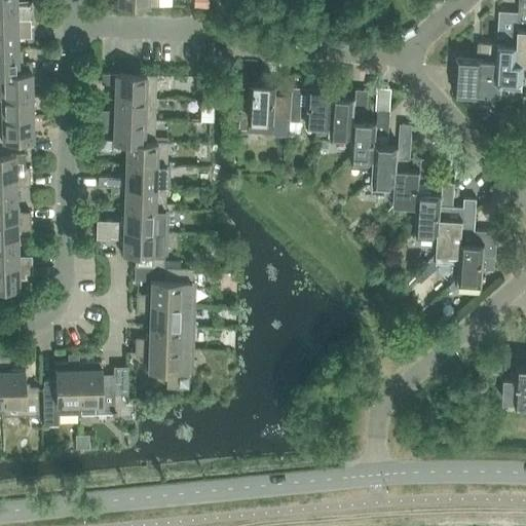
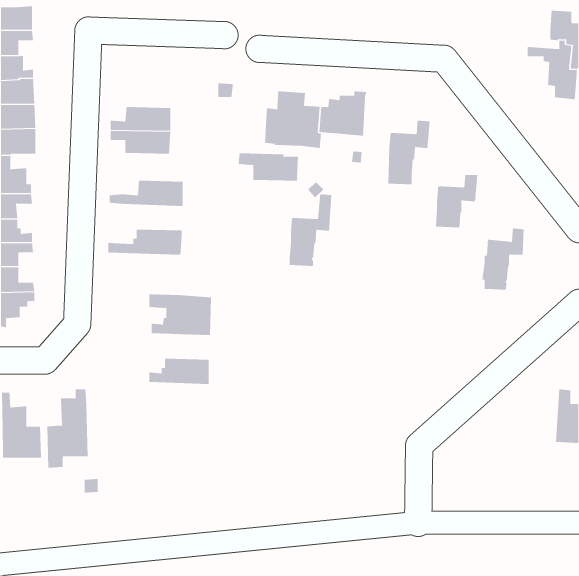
building: [454,54,502,98] -> none
building: [101,76,156,101] -> none
building: [330,90,368,138] -> none
building: [373,126,412,192] -> [289,194,332,266]
building: [112,142,167,167] -> [238,153,299,181]
building: [415,185,455,240] -> none
building: [111,188,166,212] -> none
building: [98,232,164,270] -> none
building: [448,233,497,294] -> none
building: [136,305,191,329] -> none
building: [135,349,190,390] -> none
building: [79,369,127,417] -> none

